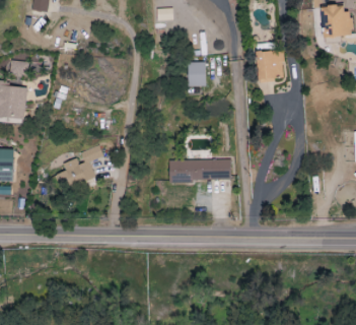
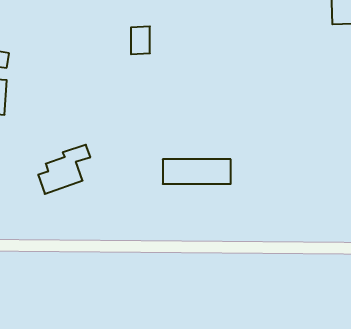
building: [257,50,283,80] -> none
building: [188,62,205,87] -> [131,26,150,54]

